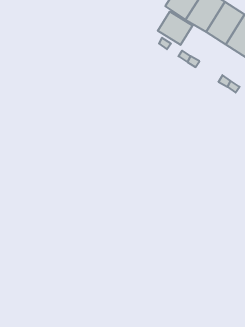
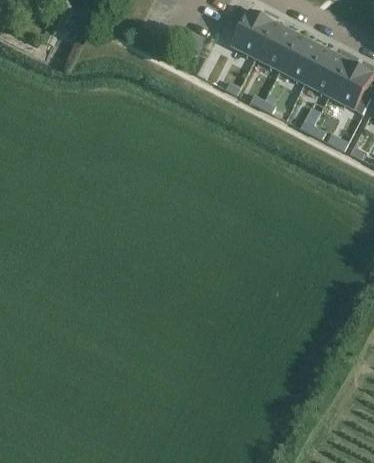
building: [158,12,192,45] -> none

